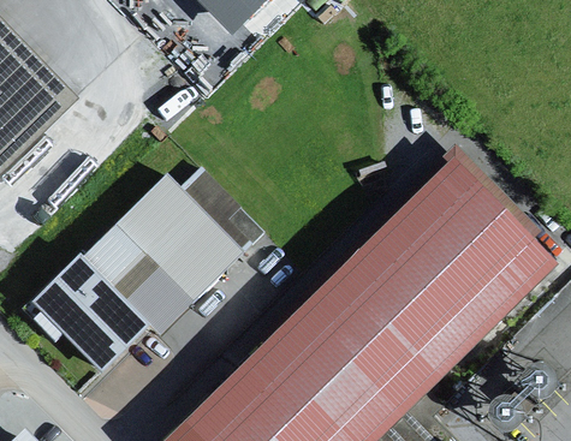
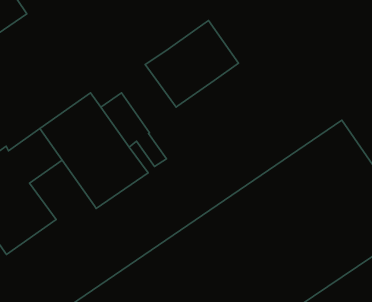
building: none -> [145,21,239,107]
building: [112,257,190,335] -> none

